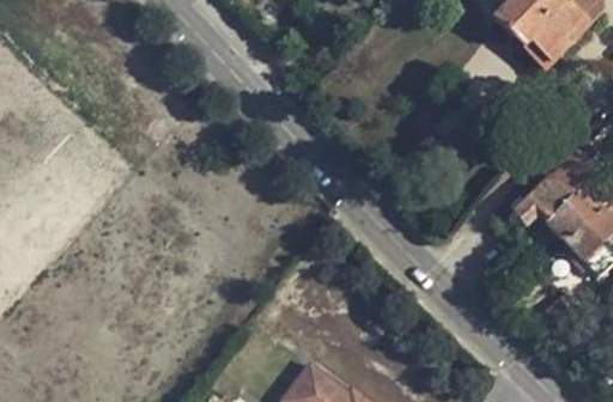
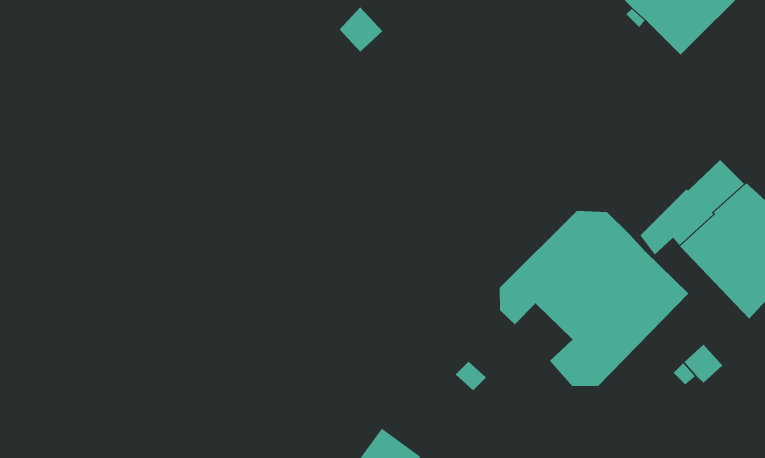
building: none -> [499,210,689,387]

